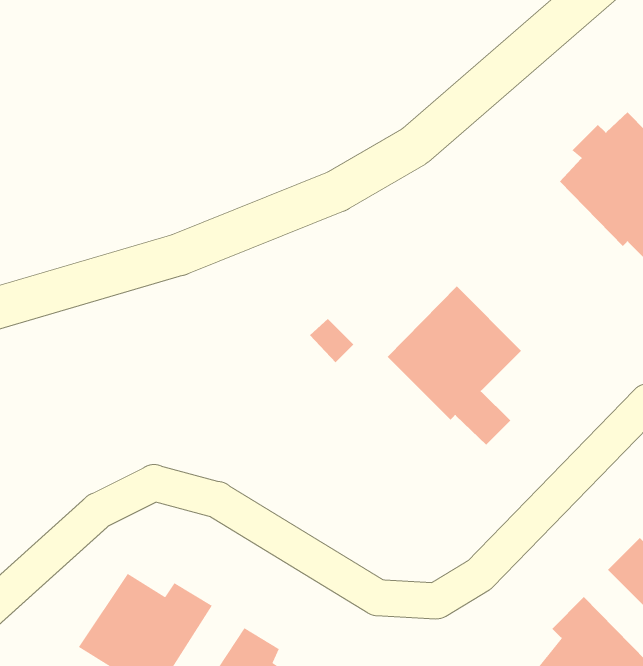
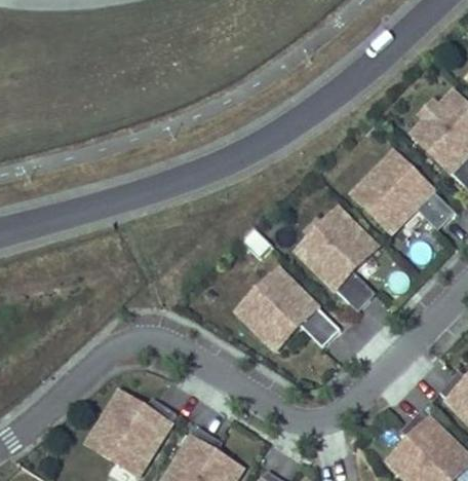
building: none -> [349,148,458,238]
building: none -> [234,265,342,355]

